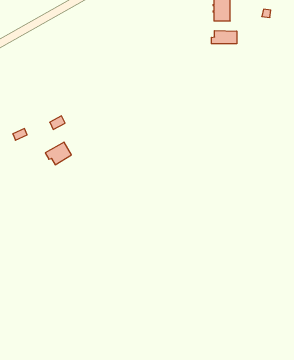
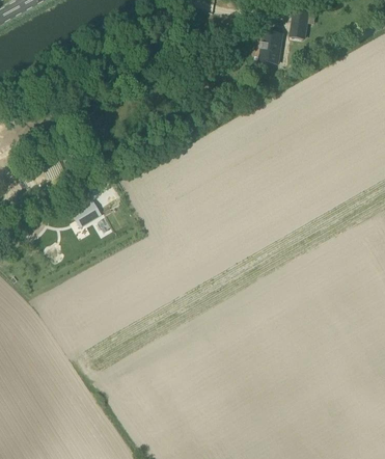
building: [211,31,237,44] -> none

